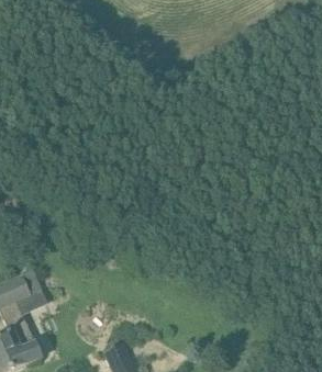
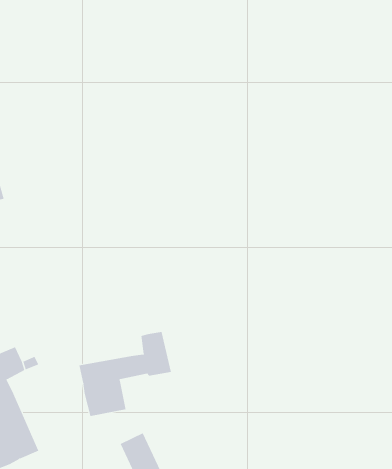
building: none -> [79,331,171,417]

